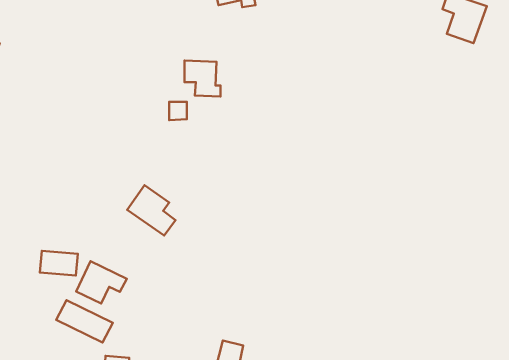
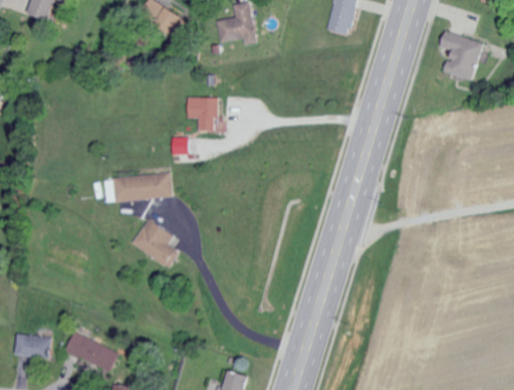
building: none -> [113,173,173,201]
building: [40,251,78,276] -> [13,334,50,358]
building: [76,261,127,304] -> none

